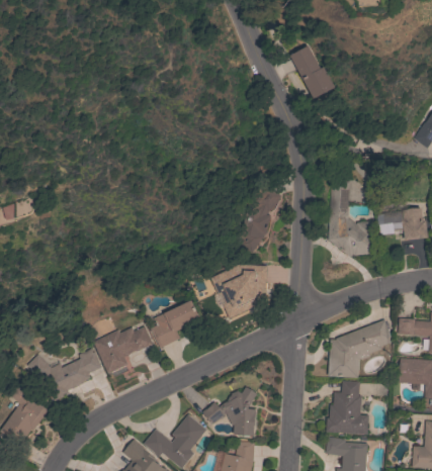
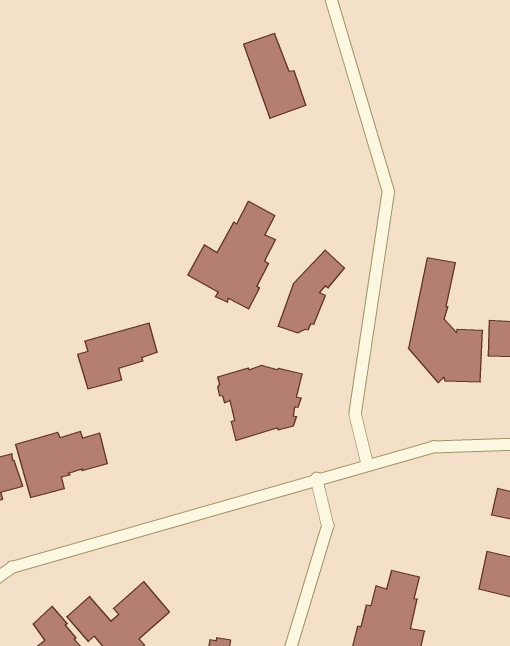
building: [289,45,335,99] -> [244,33,306,118]
building: none -> [188,201,275,309]
building: [150,300,199,348] -> [78,323,157,389]
building: [328,319,392,378] -> none
building: [203,386,257,436] -> none

